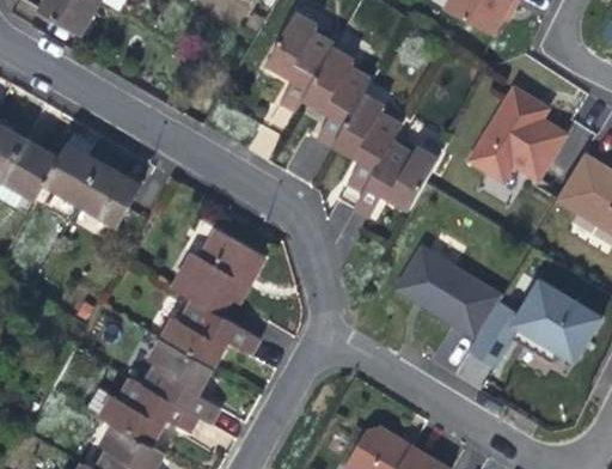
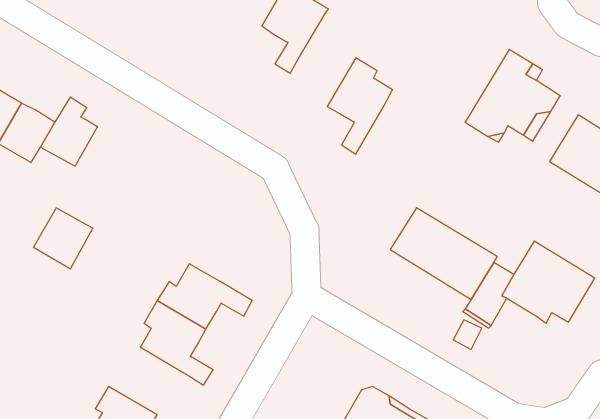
building: [301,49,367,145] -> none
building: [350,128,447,218] -> none
building: [78,164,137,225] -> [33,208,93,269]
building: [172,229,270,319] -> none
building: [99,378,194,446] -> none

